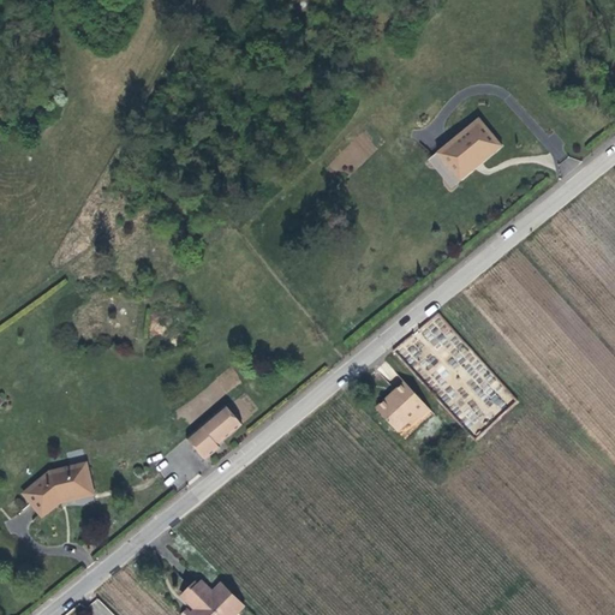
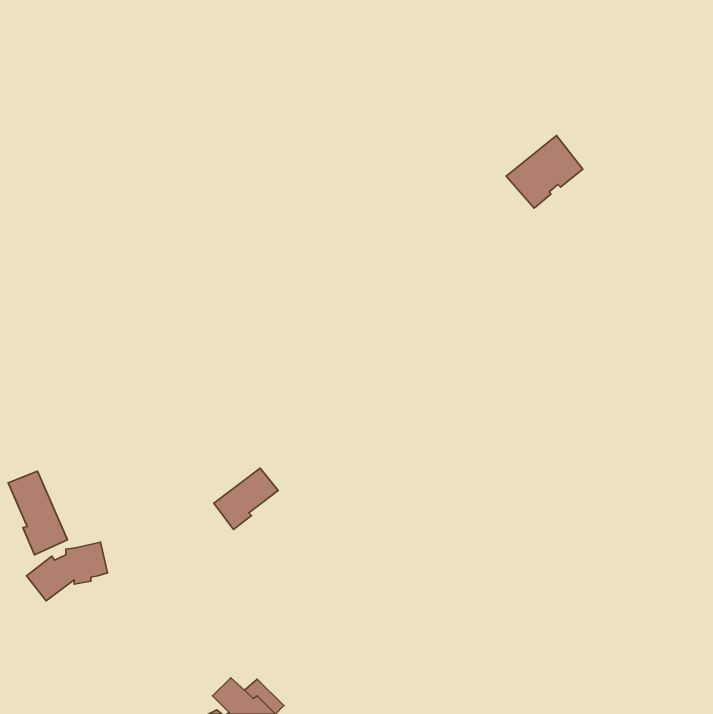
building: [376,383,424,430] -> none
building: none -> [8,471,67,555]

